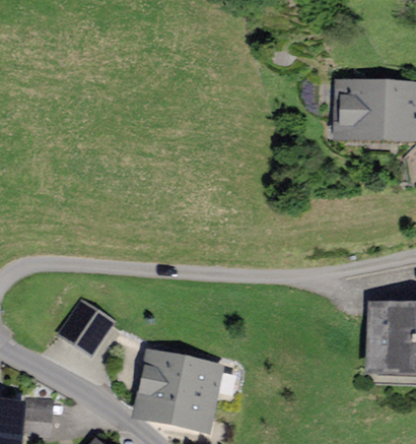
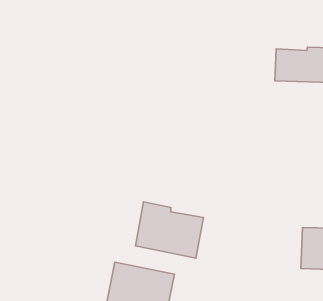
building: none -> [135,202,203,258]
building: [64,305,108,350] -> none

